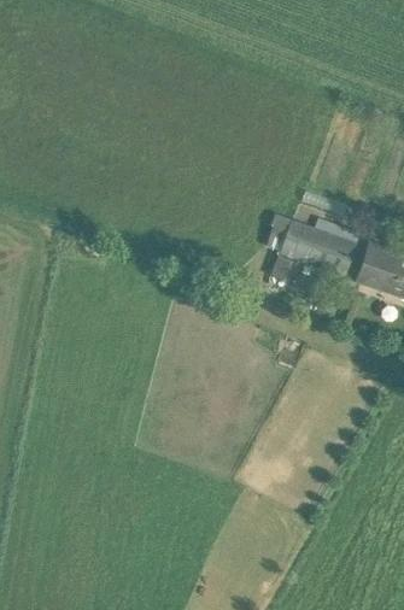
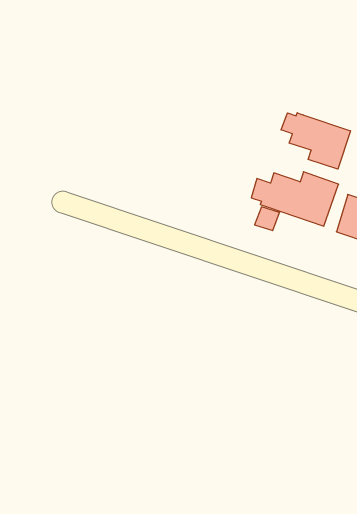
building: none -> [281,113,350,169]

